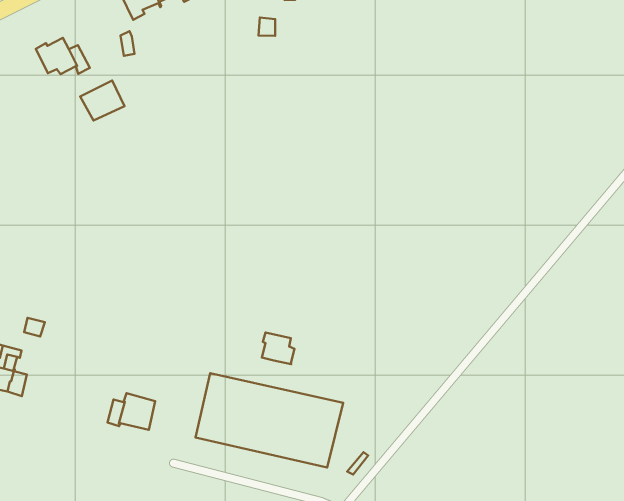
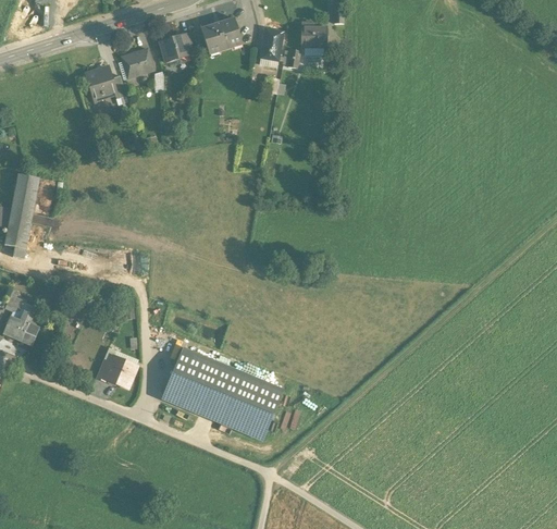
building: [80,80,124,121] -> [120,48,153,77]
building: [262,332,295,364] -> none

